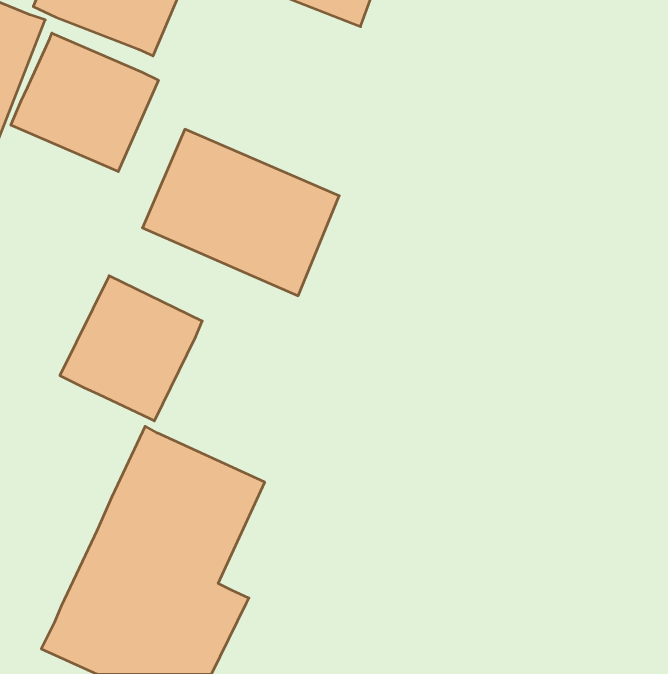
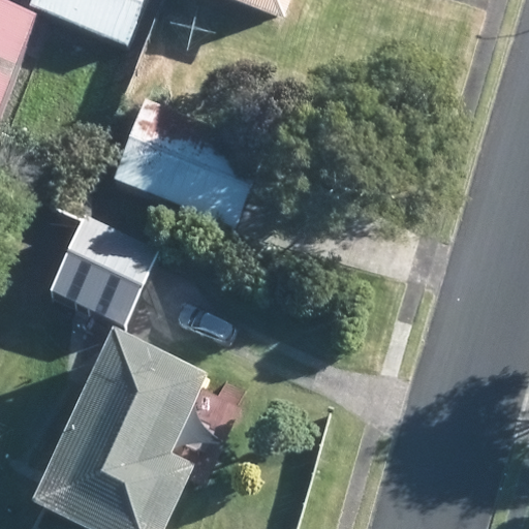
building: [11,33,158,172] -> none

